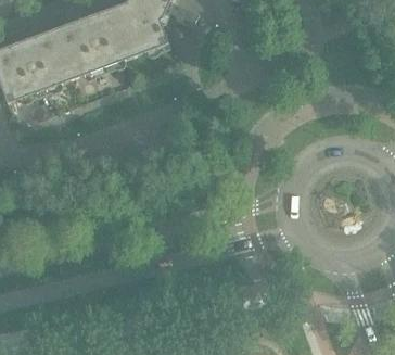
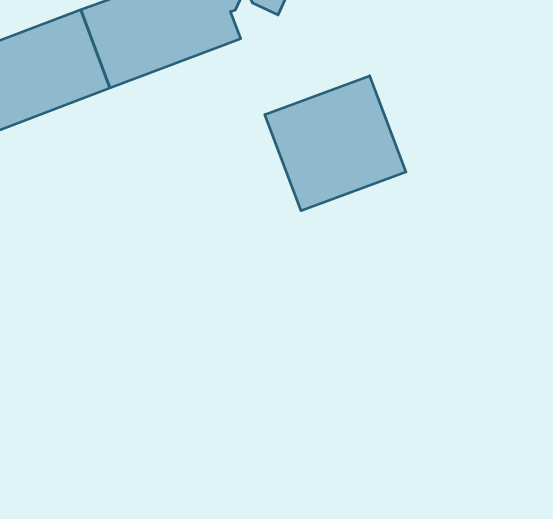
building: none -> [265,76,406,211]

